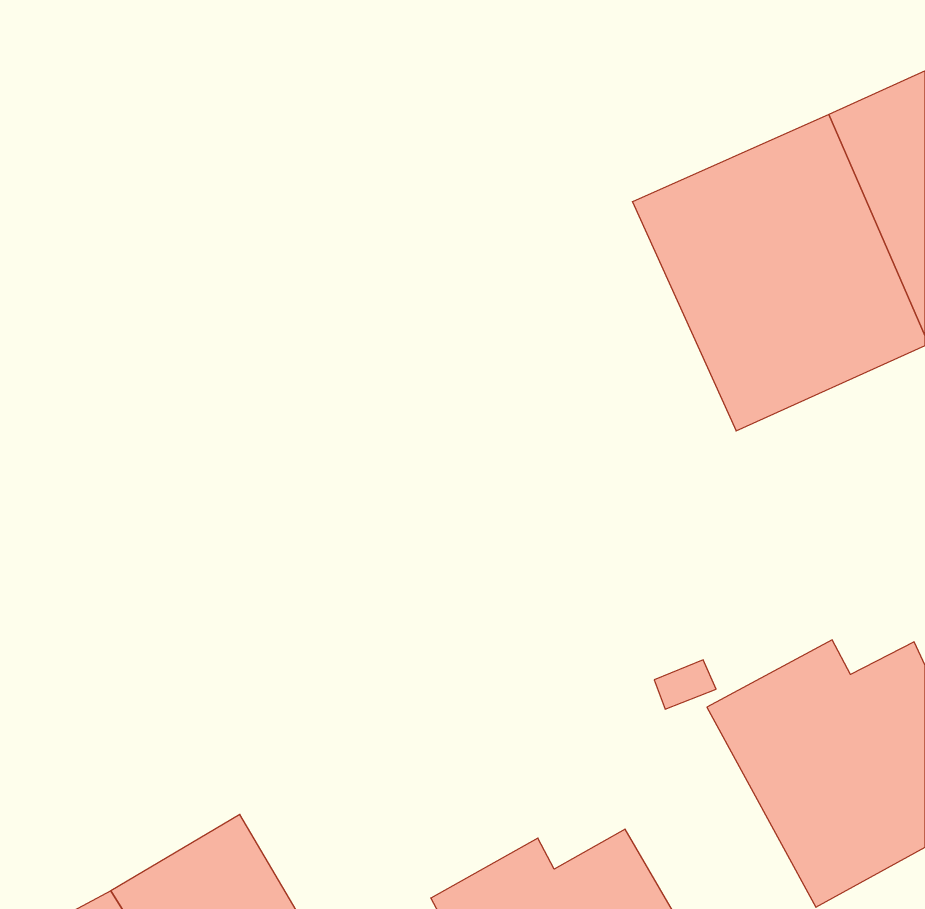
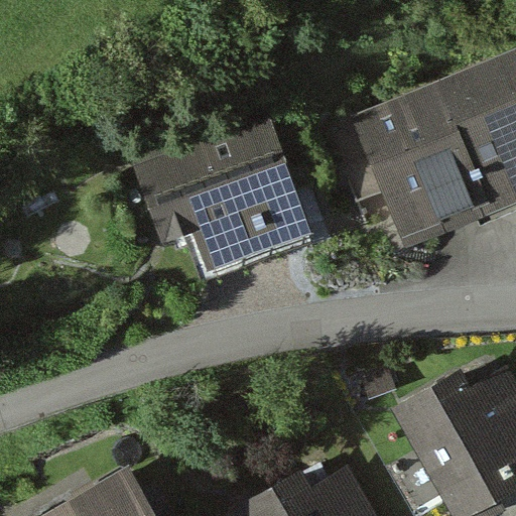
building: none -> [130,121,313,270]

